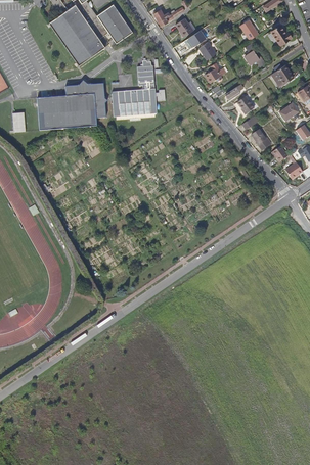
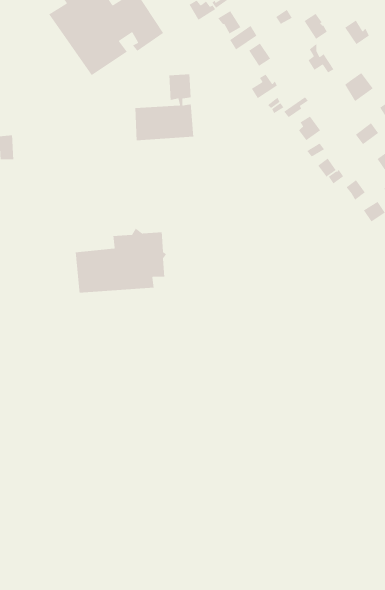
building: [38,80,107,130] -> [75,227,167,294]

